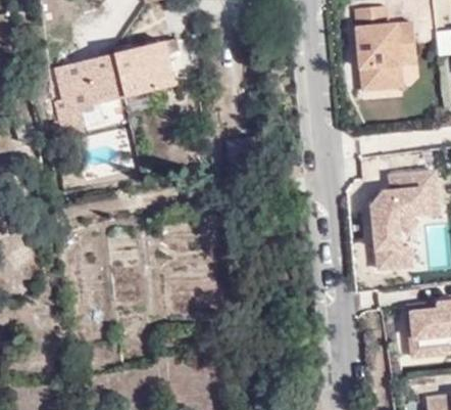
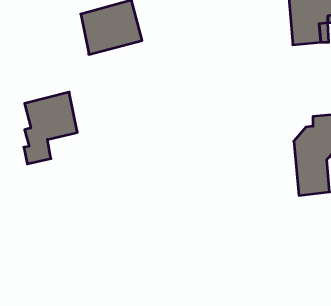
building: [61,54,123,138] -> [24,92,77,164]

